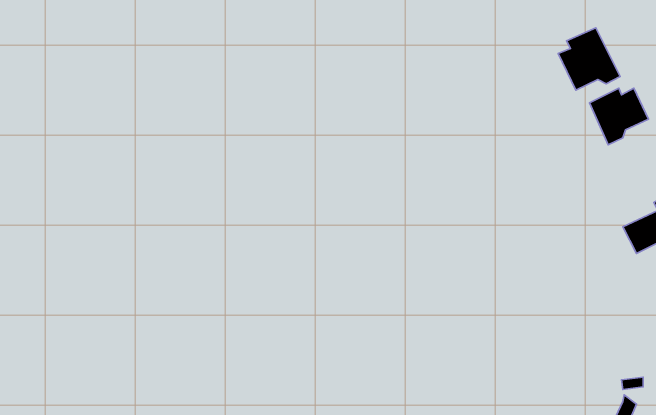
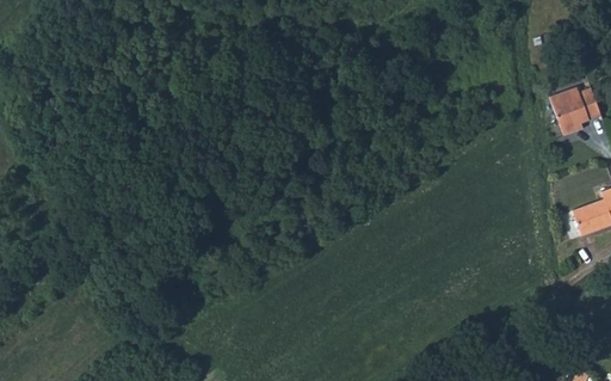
building: [558,28,620,90] -> none

